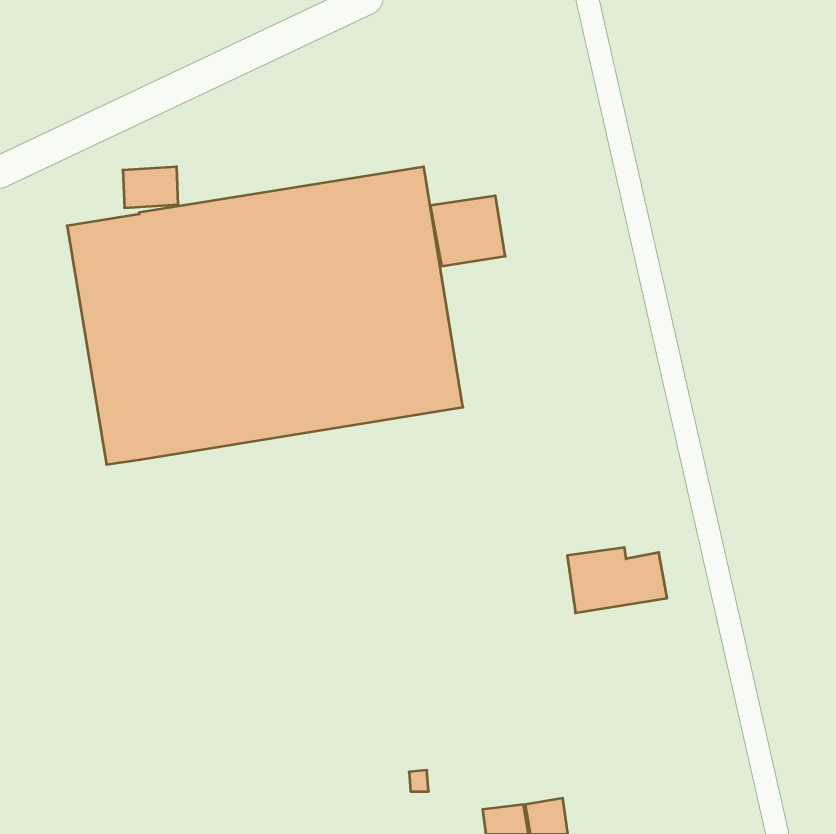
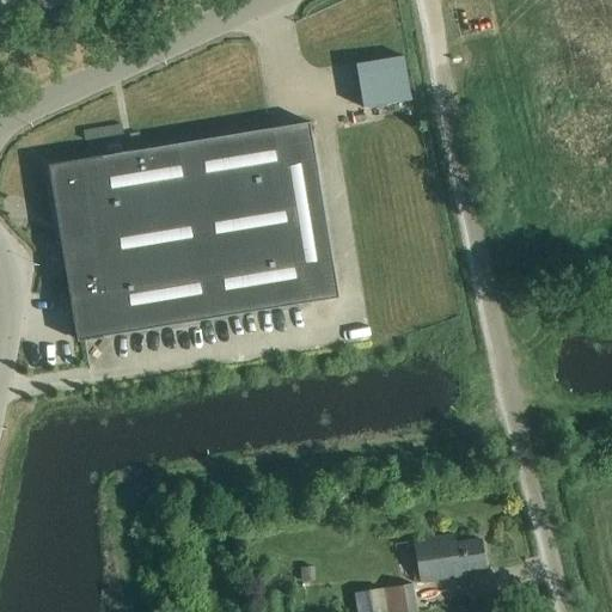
building: [430,196,505,266] -> [355,56,410,108]
building: [567,547,667,613] -> [414,534,486,582]

